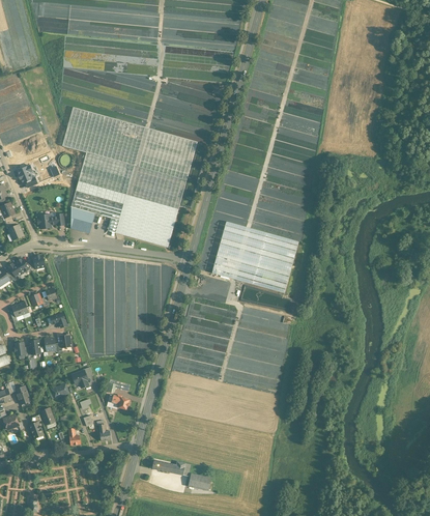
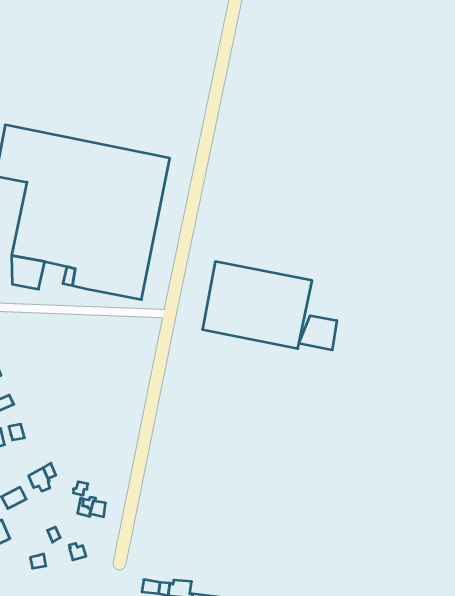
building: none -> [299,316,337,350]

